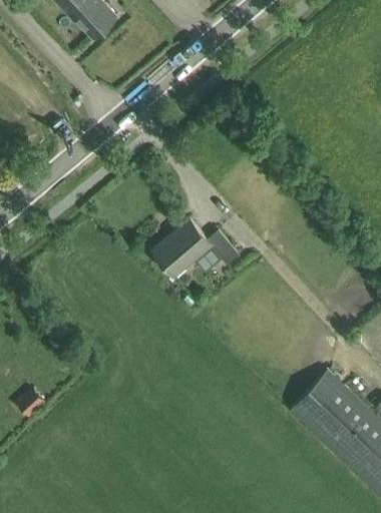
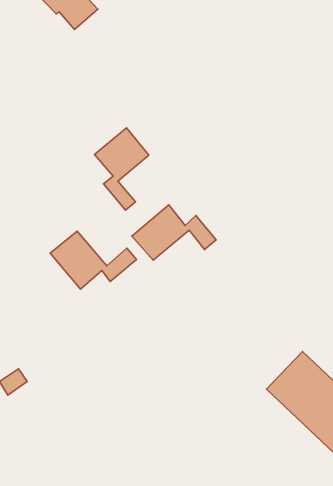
building: none -> [95,128,149,210]
building: none -> [50,231,136,289]

